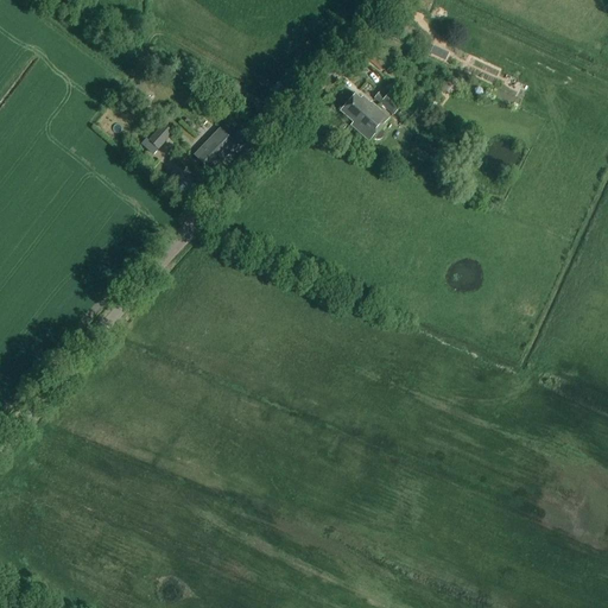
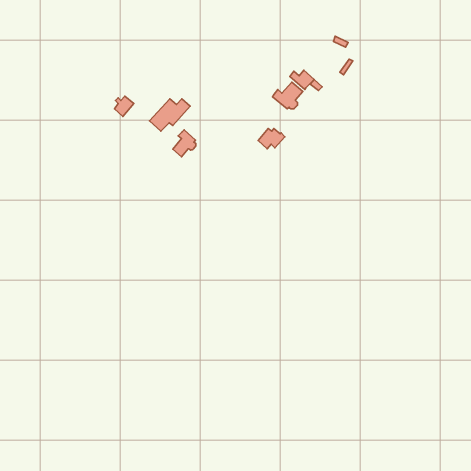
building: [341,95,375,121] -> [258,128,285,149]
building: none -> [173,130,196,157]

